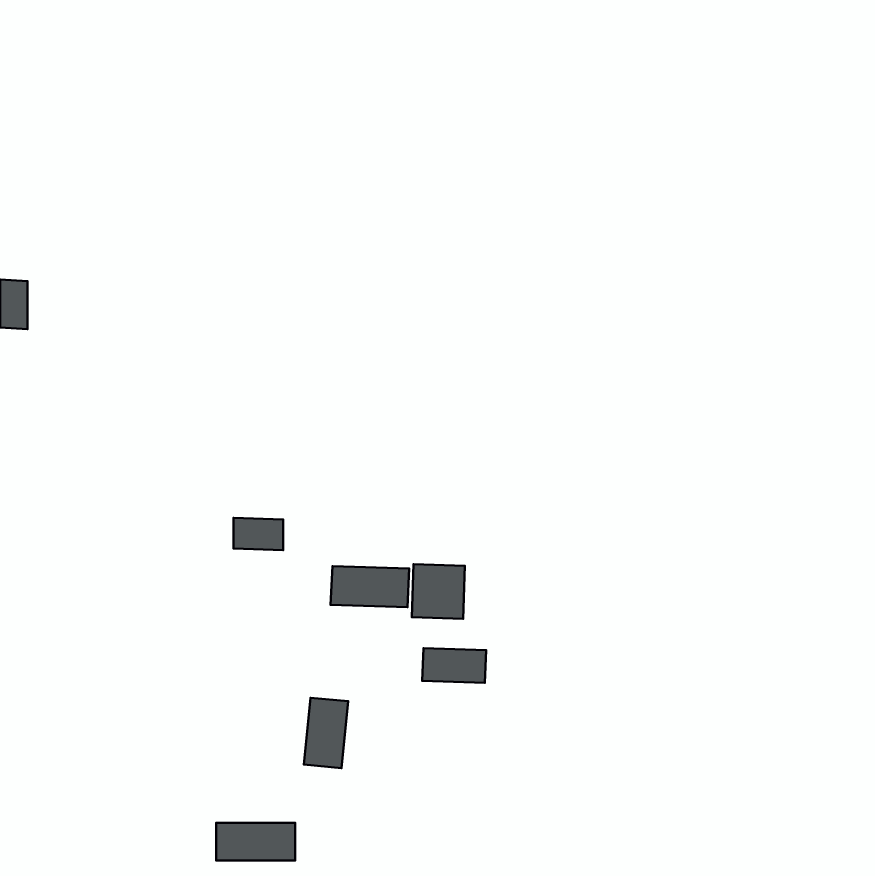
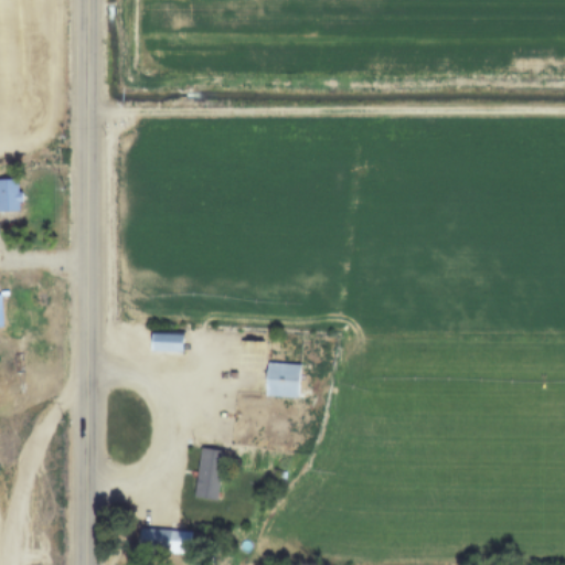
building: [331,566,409,607] -> none
building: [422,648,486,683] -> none

